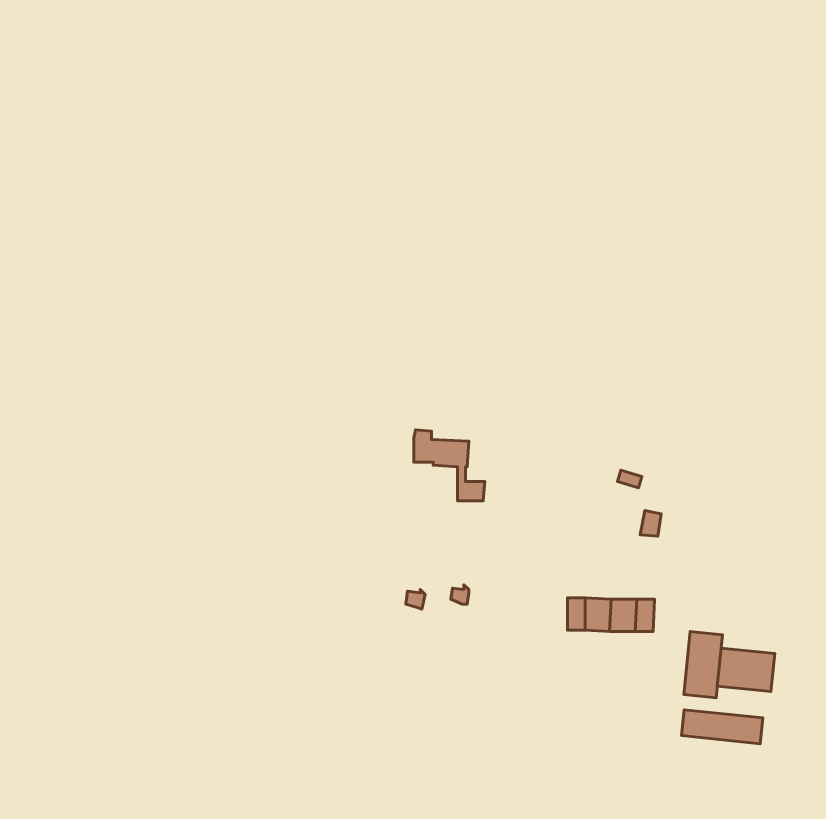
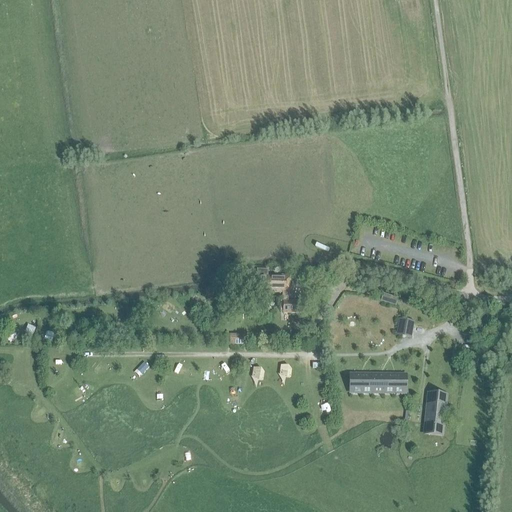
building: [717,648,775,692] -> none
building: [681,710,763,744] -> none

